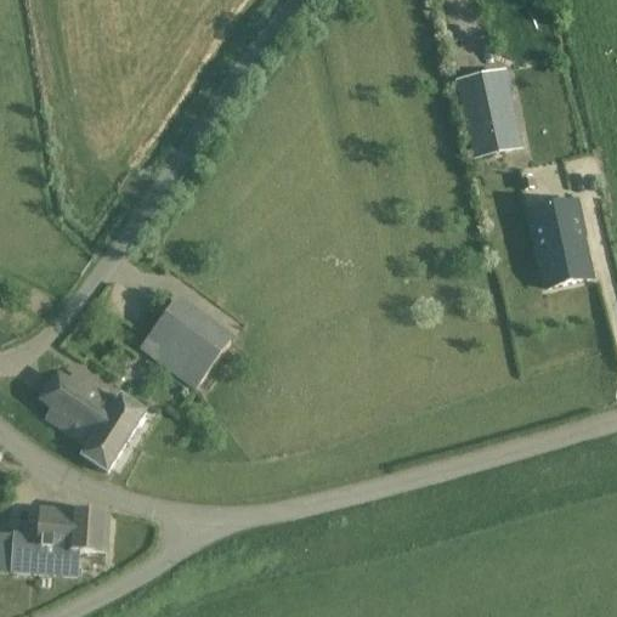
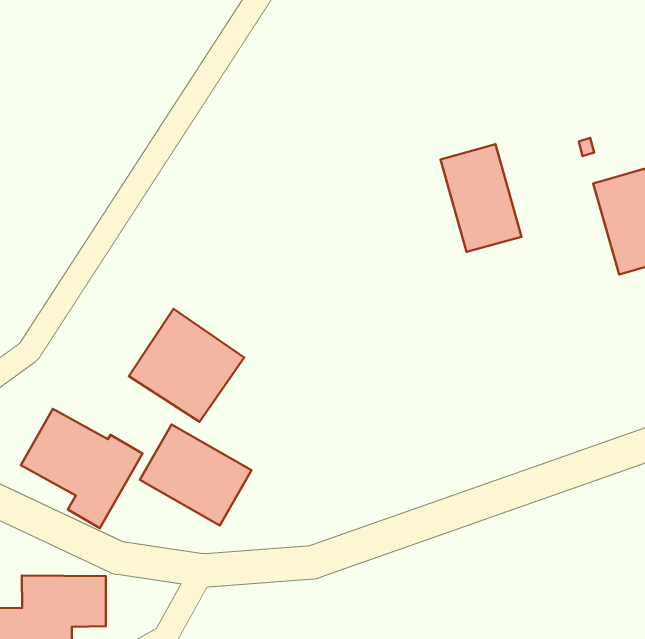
building: [455,67,519,154] -> [440,144,522,252]
building: none -> [140,425,251,526]

